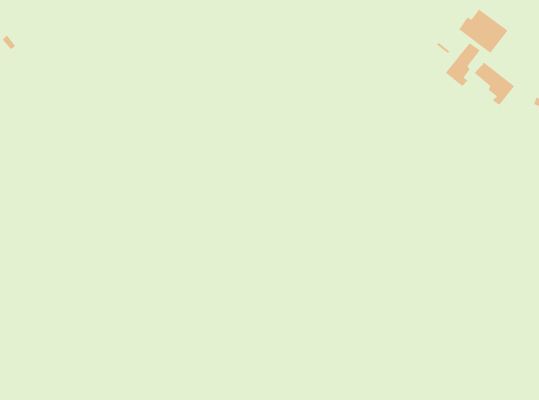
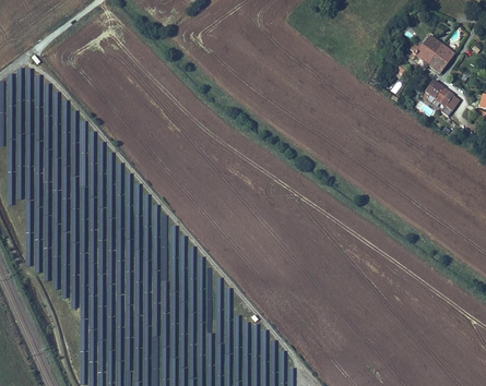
building: [445,42,481,87] -> none

